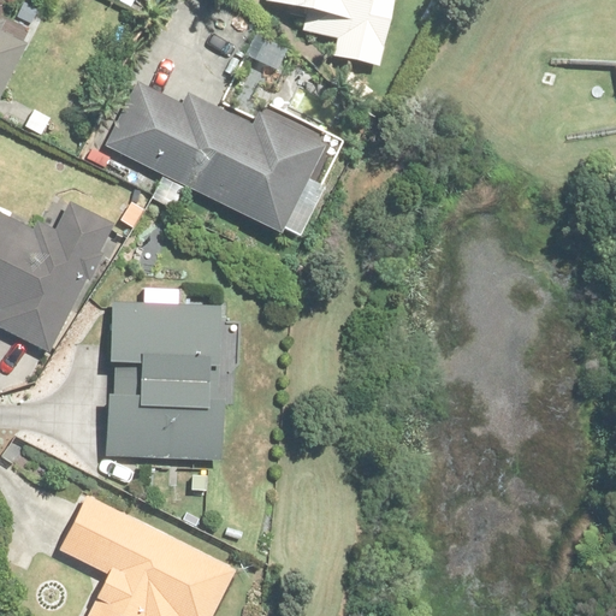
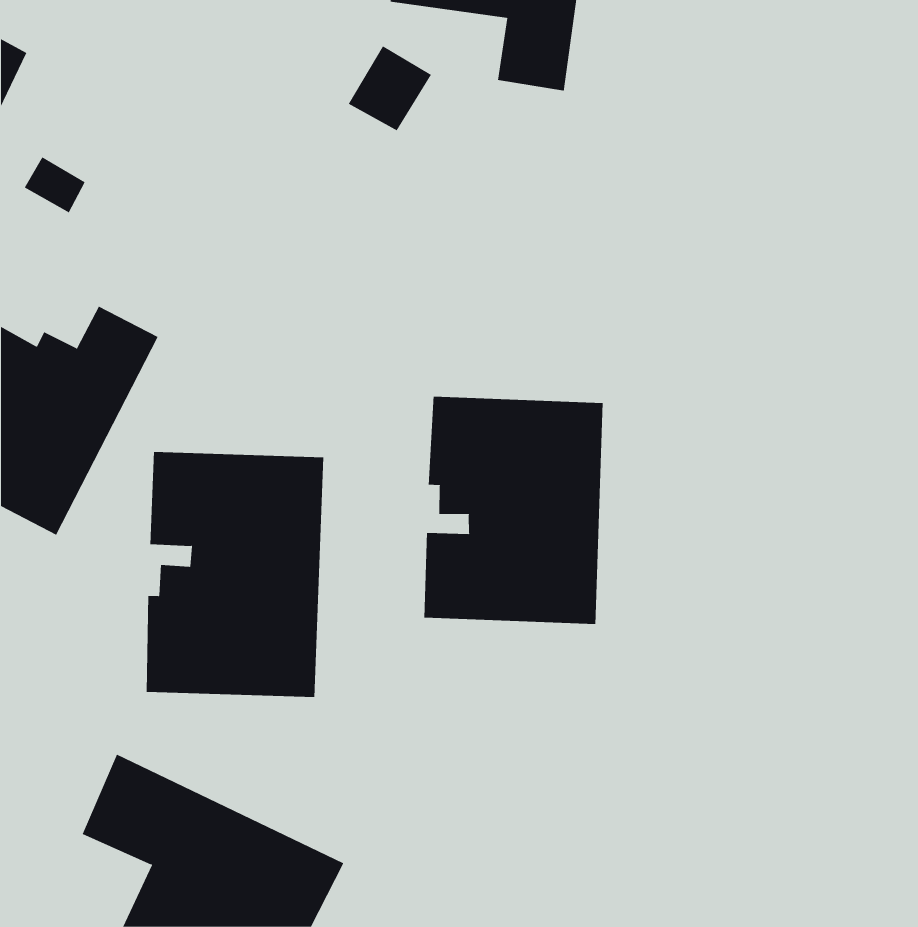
building: [109,81,326,238] -> none
building: none -> [424,396,603,625]

